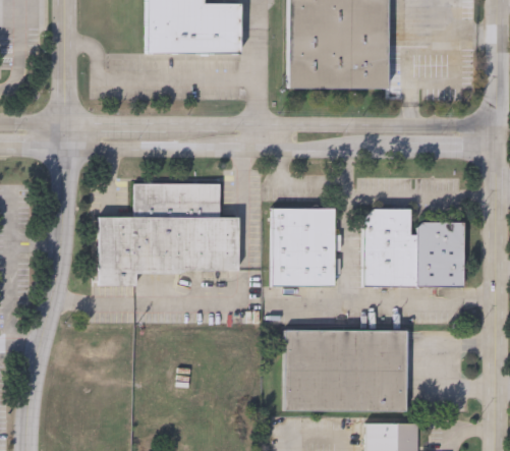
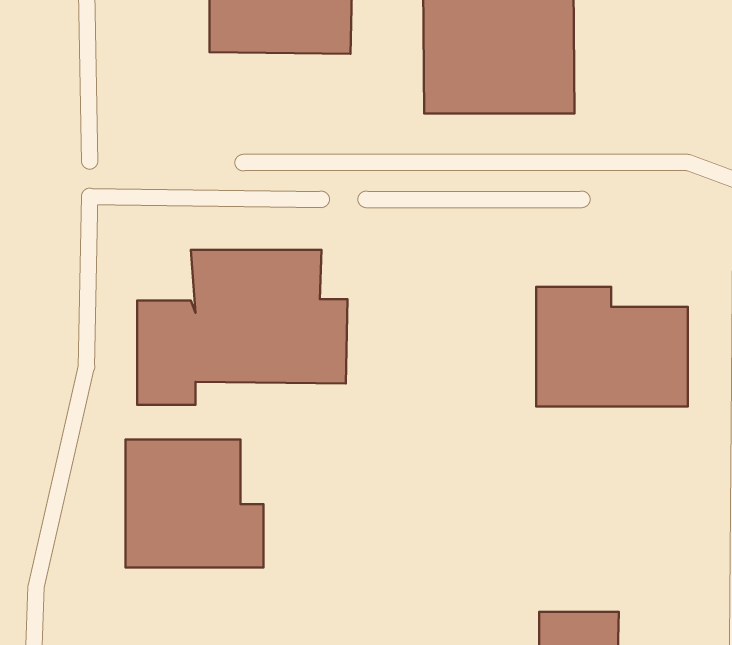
building: [272,207,335,286] -> none
building: none -> [125,439,263,567]
building: [285,329,407,411] -> none

